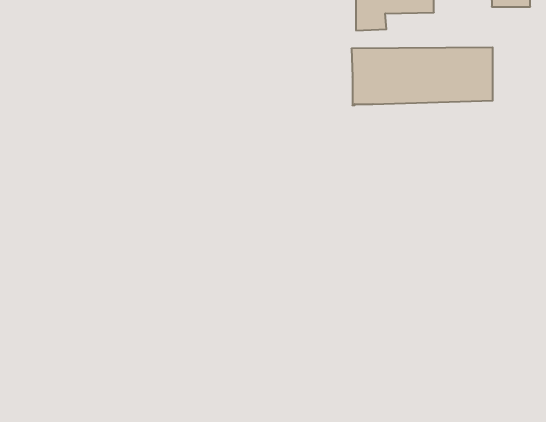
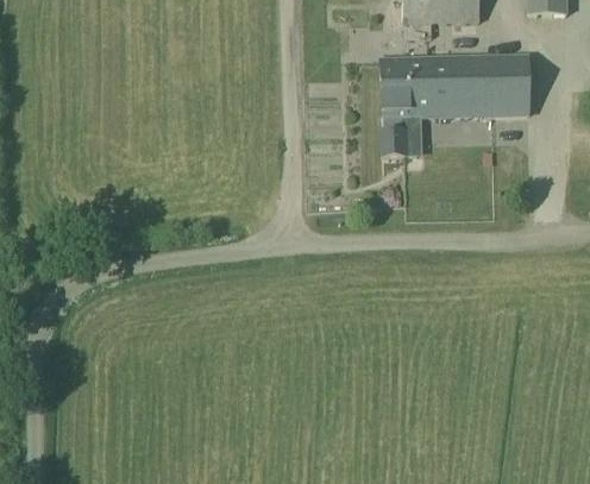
building: none -> [385,115,408,155]

